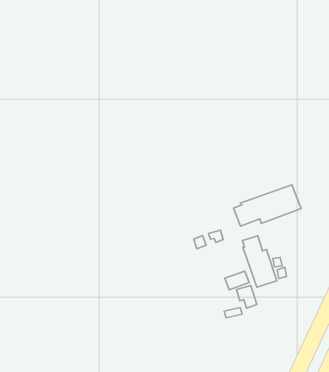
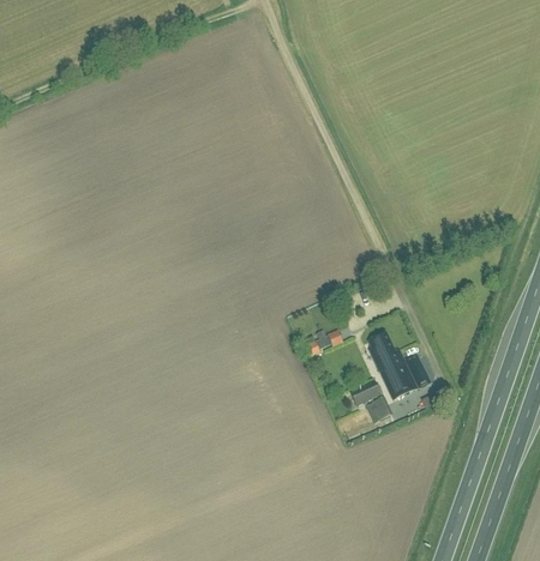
building: [233,185,301,226] -> none

